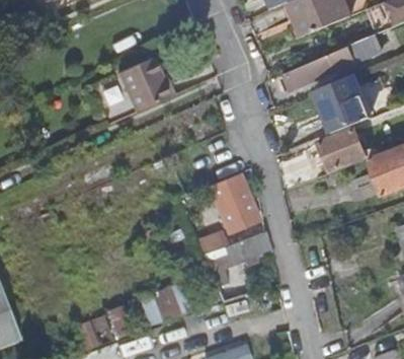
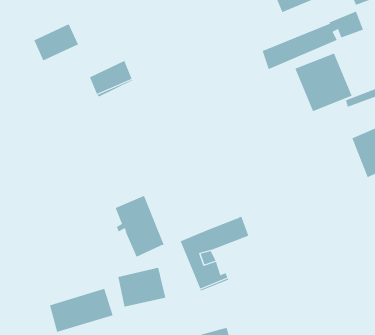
building: [108,61,152,97] -> [33,23,79,61]
building: [319,127,367,169] -> none
building: [211,174,258,234] -> [115,195,164,257]

